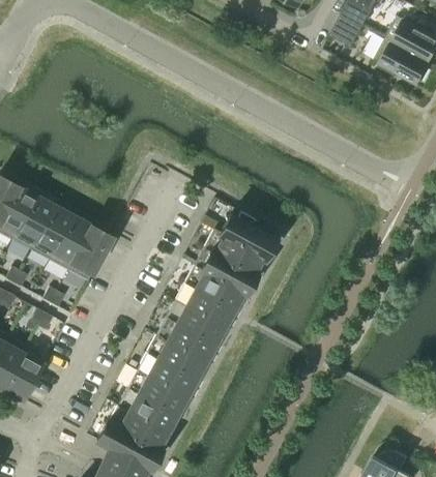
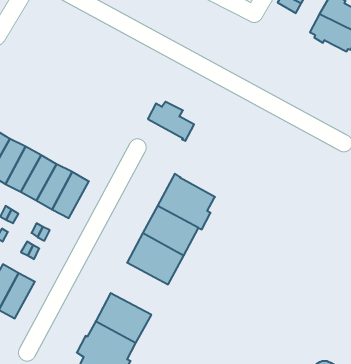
building: [223,214,278,261] -> [148,102,194,141]
building: [140,335,208,397] -> none

